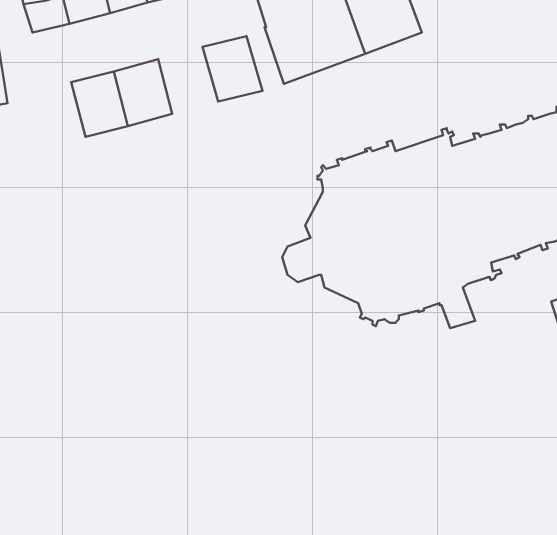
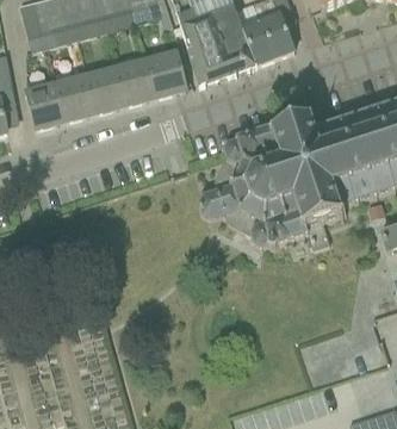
building: none -> [116,60,156,105]
building: none -> [26,83,67,129]

